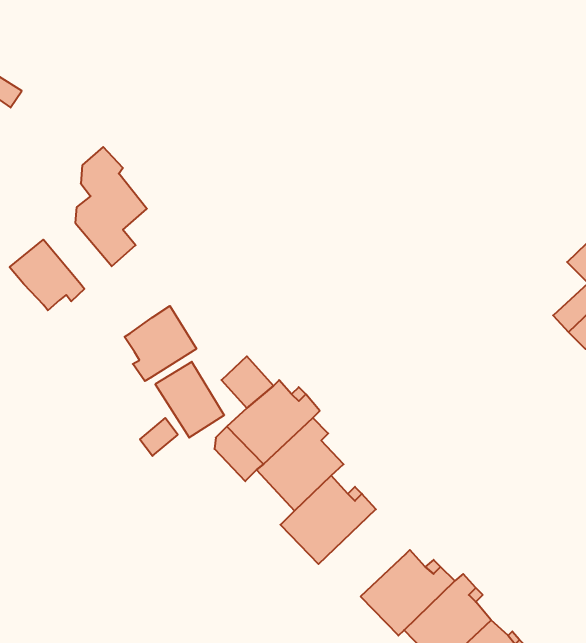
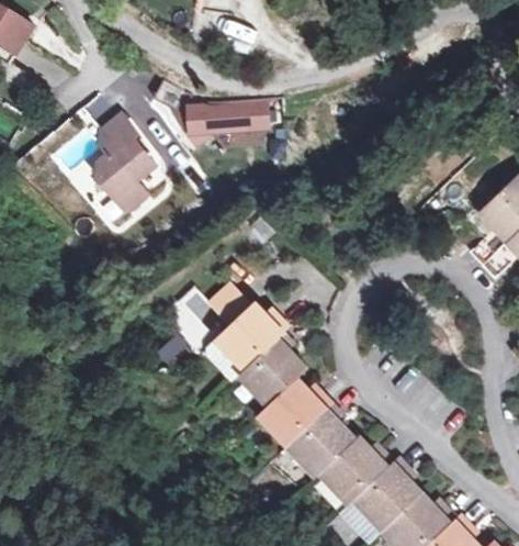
building: none -> [151,81,266,147]
building: [10,240,84,310] -> none
building: [125,306,196,381] -> none
building: none -> [286,403,354,477]

